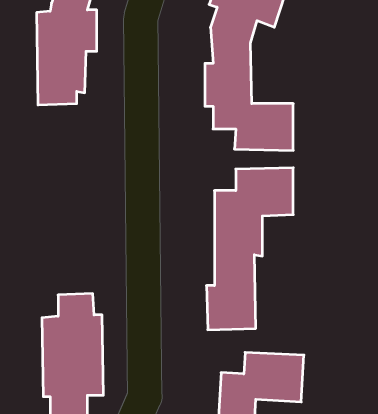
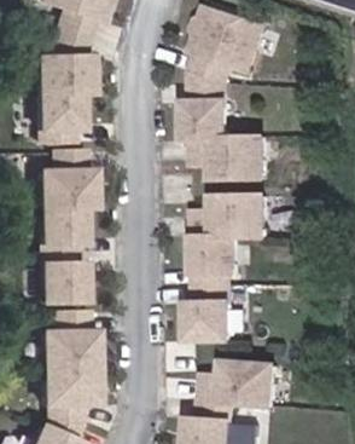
building: none -> [37,150,91,299]

